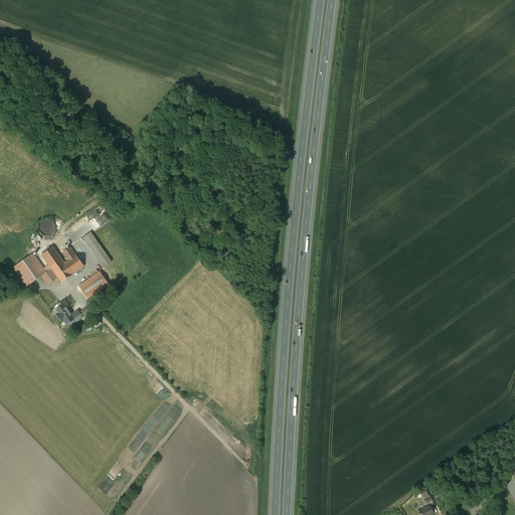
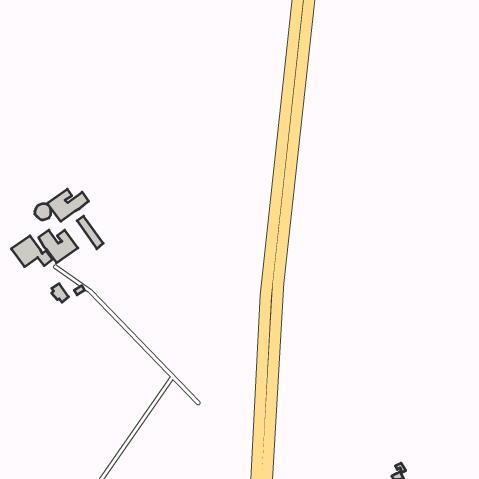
building: none -> [47,189,89,221]
building: [78,271,108,298] -> none

